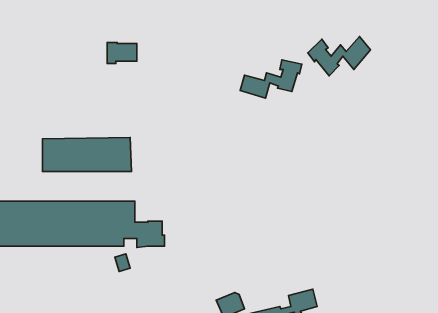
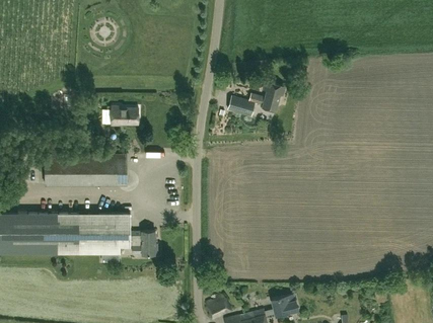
building: [308,36,370,76] -> none
building: [107,43,137,63] -> [111,107,138,127]

